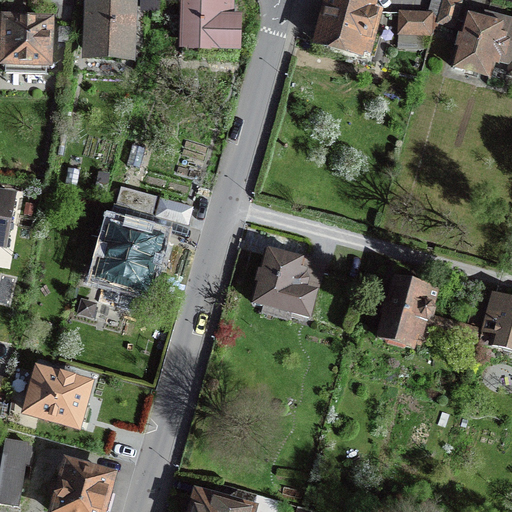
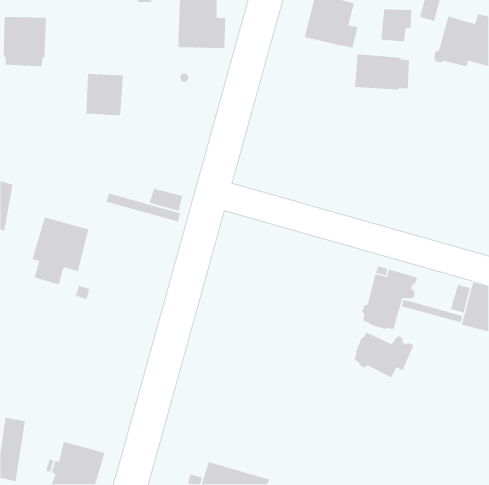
building: [89,5,129,50] -> [85,73,124,116]
building: none -> [354,54,410,90]
building: [102,227,162,299] -> [32,216,89,285]
building: [251,245,323,313] -> none
building: none -> [353,332,414,378]
building: [26,368,88,422] -> none

